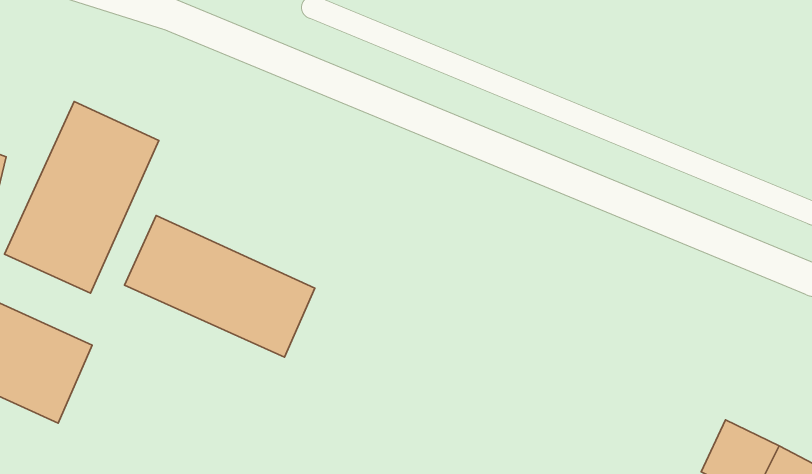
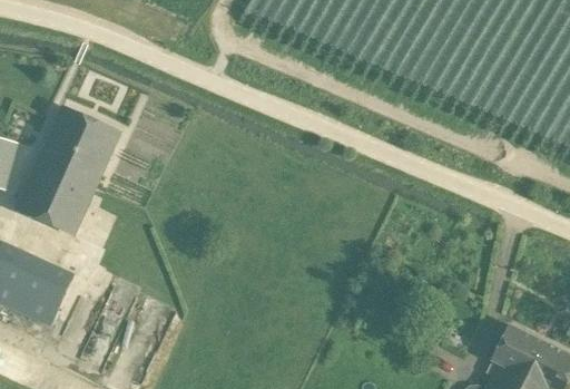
building: [124,215,315,357] -> none

